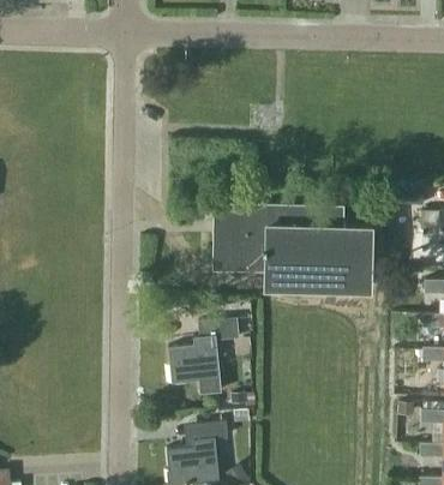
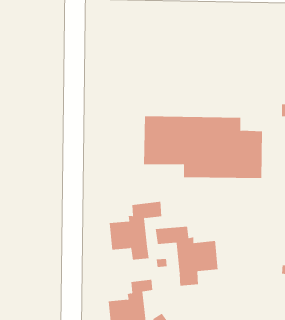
building: none -> [155,226,218,287]

